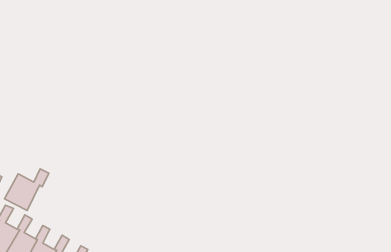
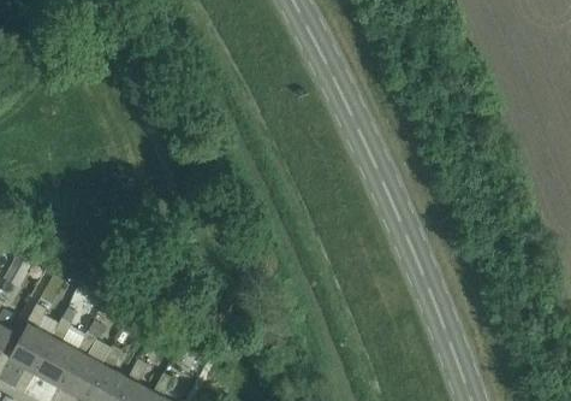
building: [4,169,49,210] -> none

